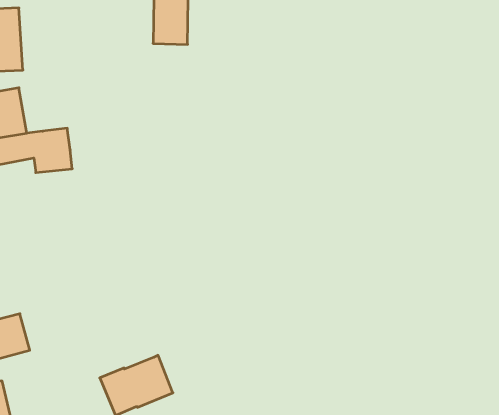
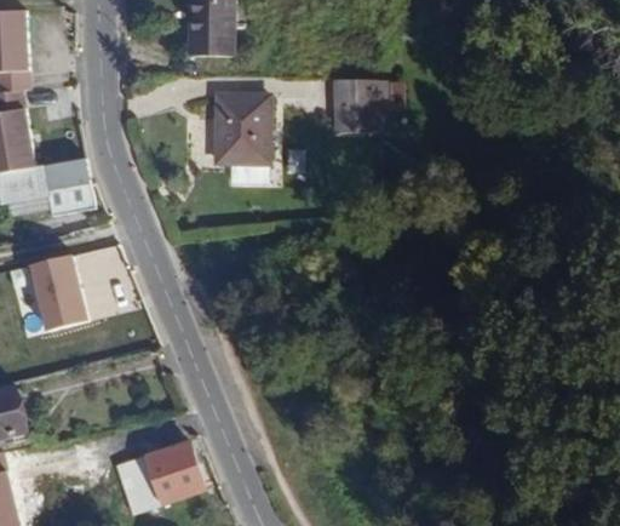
building: none -> [331,80,398,135]
building: none -> [217,93,271,164]
building: none -> [24,256,86,332]

